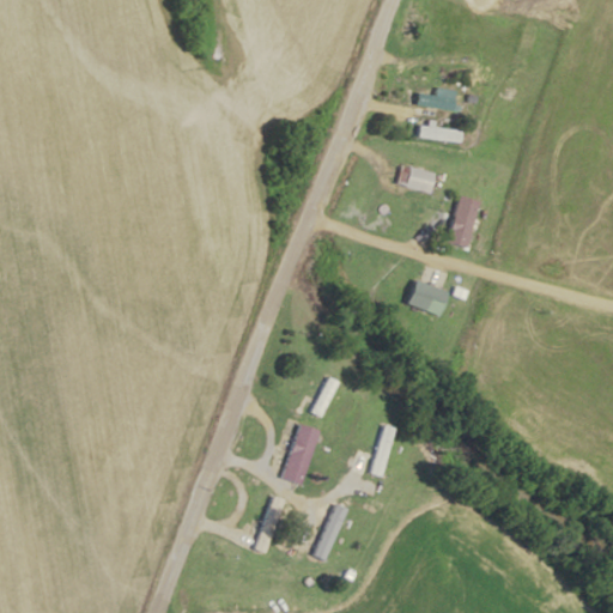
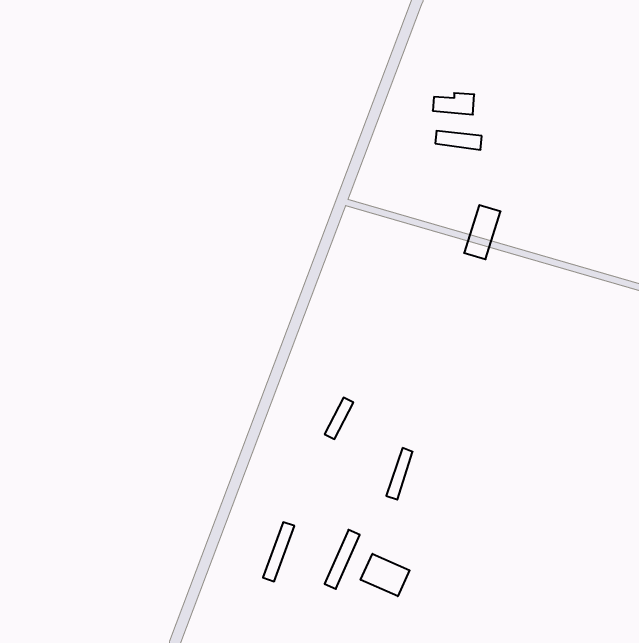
building: [396,163,436,194] -> none
building: [406,280,447,315] -> none
building: [280,424,321,484] -> none
building: none -> [361,554,410,596]

